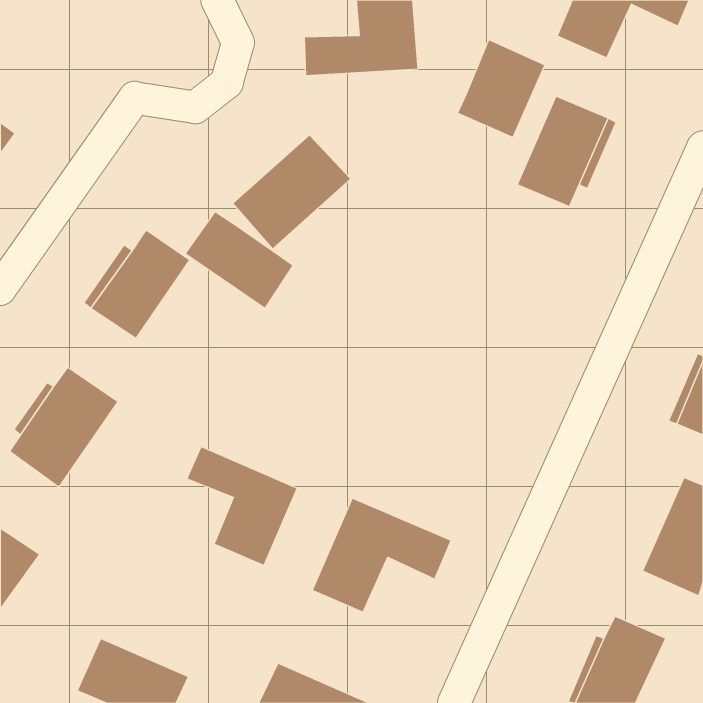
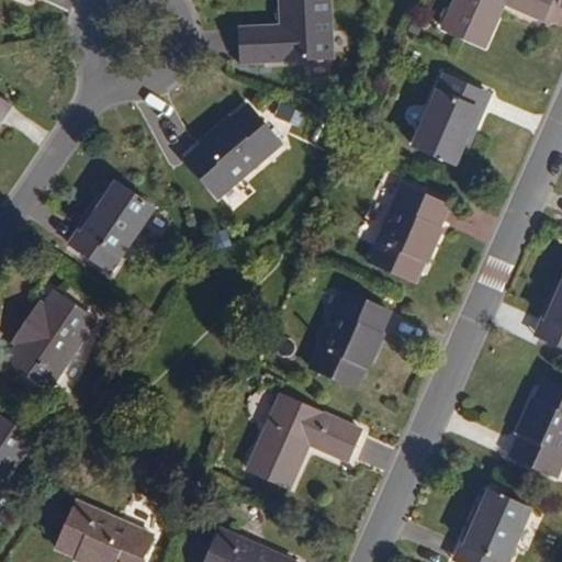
building: [457,39,545,138] -> none
building: [185,211,293,309] -> none
building: none -> [368,187,447,282]
building: none -> [312,292,389,387]
building: [187,447,297,566] -> none

